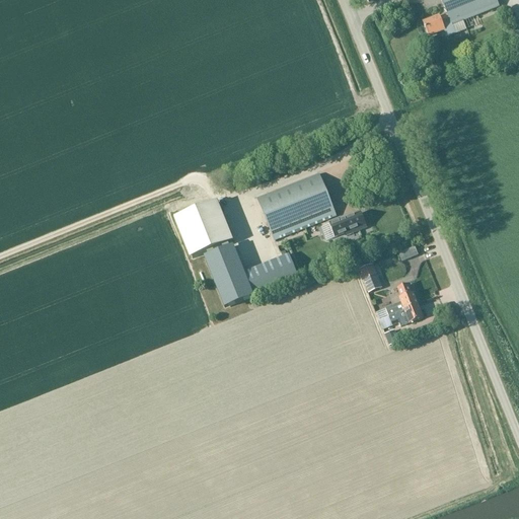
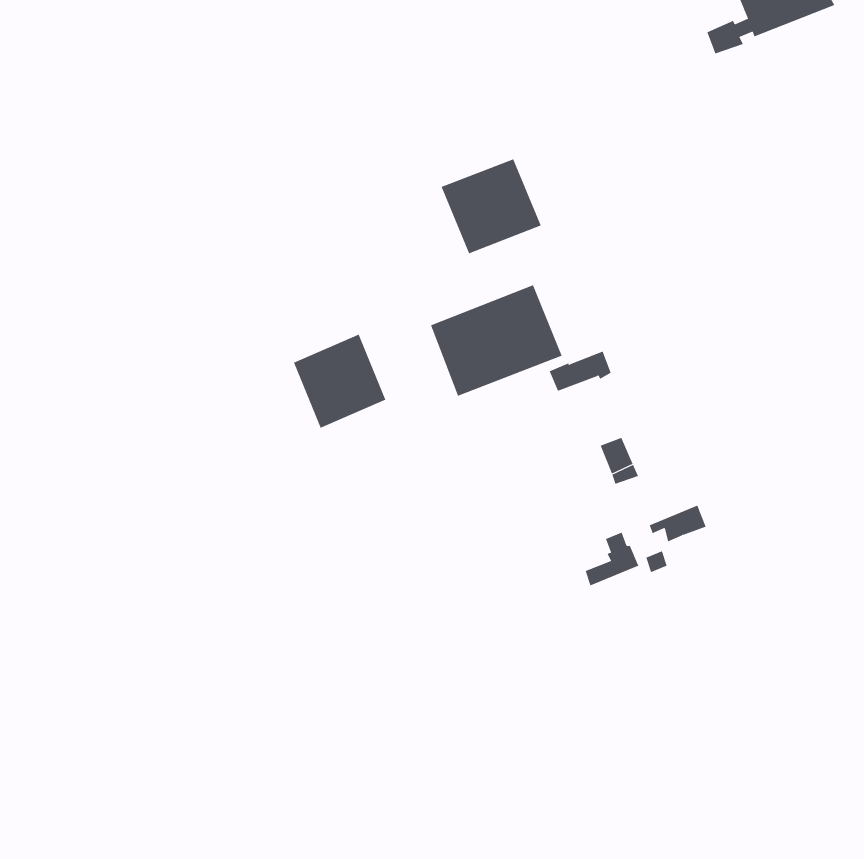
building: none -> [441,158,542,254]
building: [205,245,298,304] -> none
building: [385,282,418,314] -> [585,532,639,586]

